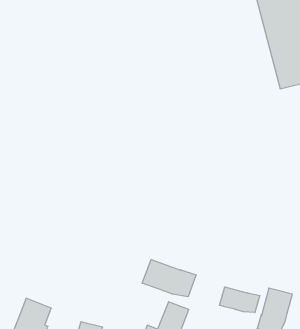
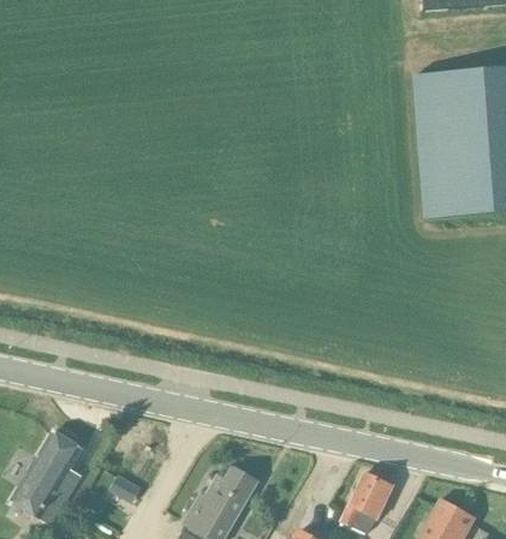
building: [142,259,196,297] -> none
building: [220,287,260,313] -> none

